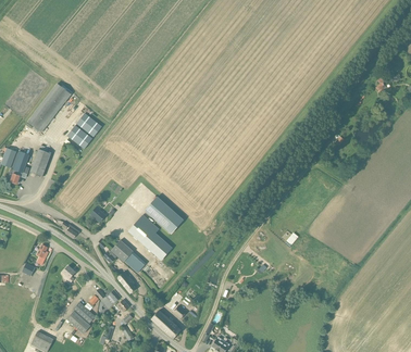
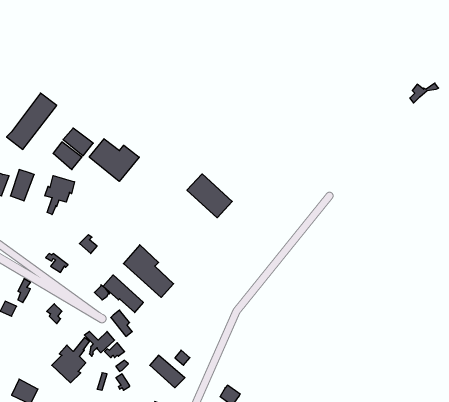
building: none -> [89,139,139,181]
building: none -> [45,176,75,215]
building: [145,196,184,234] -> [187,174,232,218]

